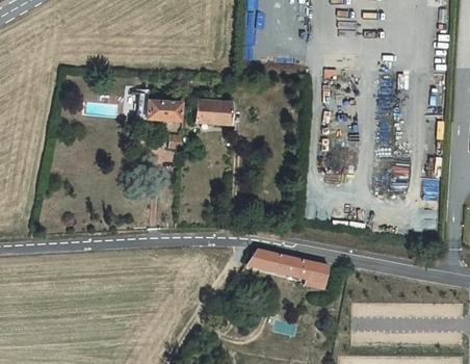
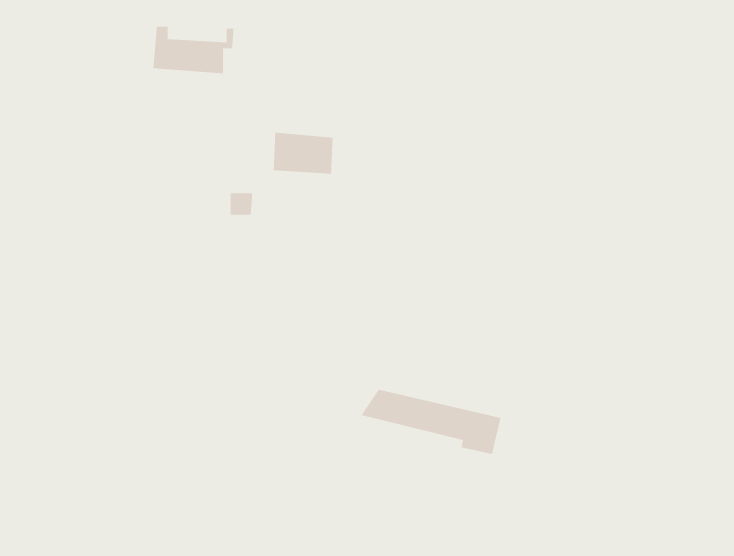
building: [139,93,187,121] -> [152,26,235,74]

